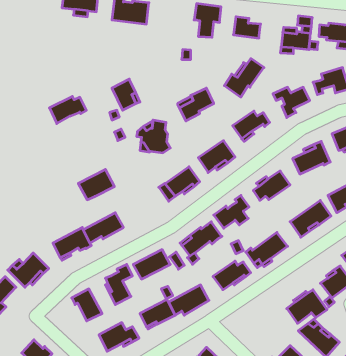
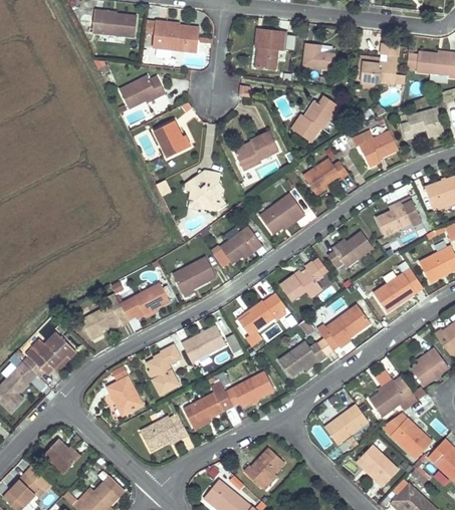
building: [49,96,86,124] -> [121,75,166,108]
building: [78,169,114,200] -> [172,256,216,293]
building: none -> [322,406,366,445]

